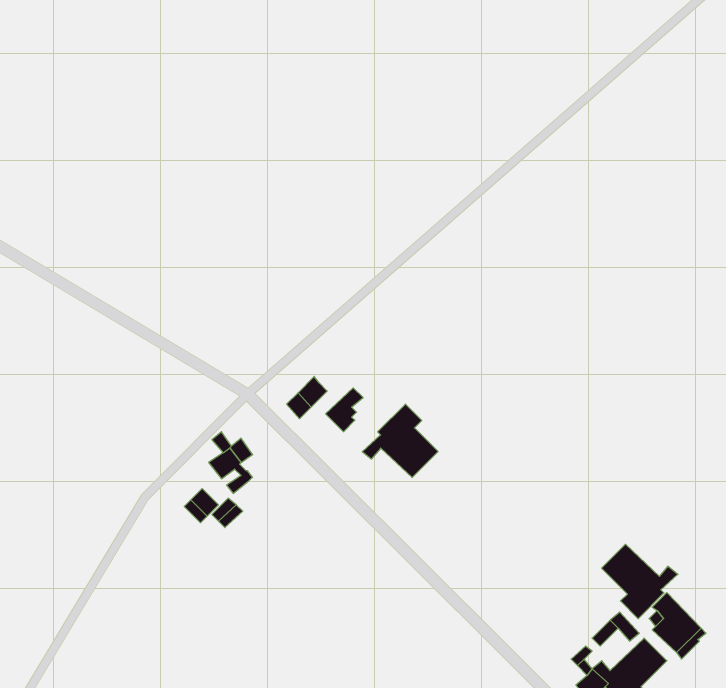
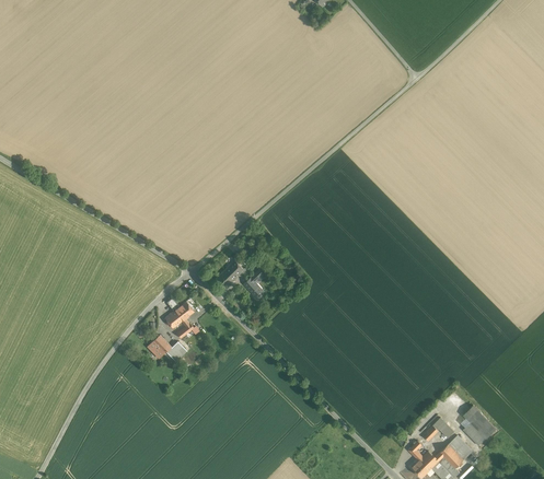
building: [362,404,438,478] -> none
building: [602,544,678,619] -> none

